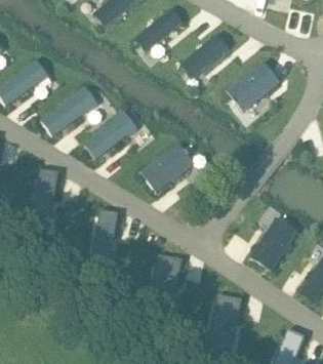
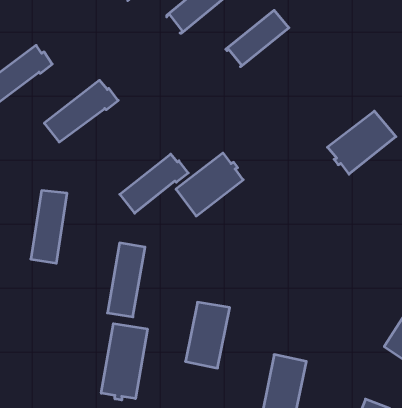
building: [227,62,279,110] -> [327,111,396,174]
building: [84,112,136,157] -> [120,154,188,213]
building: [250,217,297,269] -> none
building: none -> [101,324,147,400]

